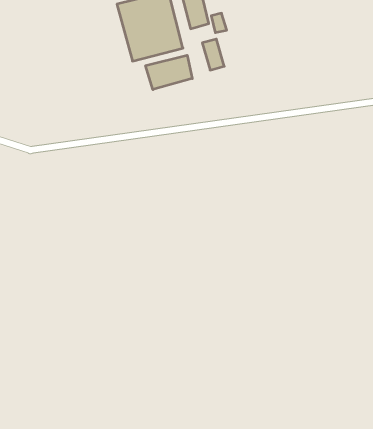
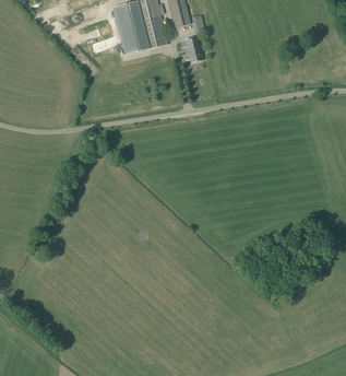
building: [146,55,192,90] -> none

